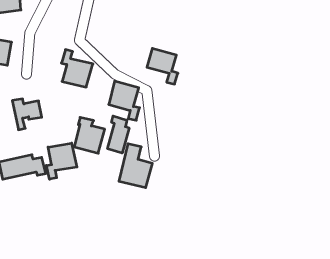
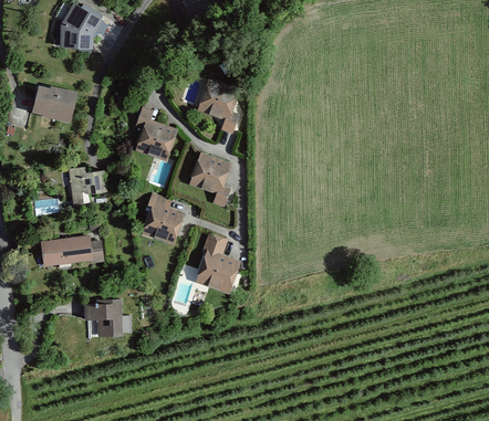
building: [147,48,178,84] -> [198,83,237,130]
building: [108,116,129,153] -> none
building: [46,143,77,179] -> none
building: none -> [85,302,119,333]

